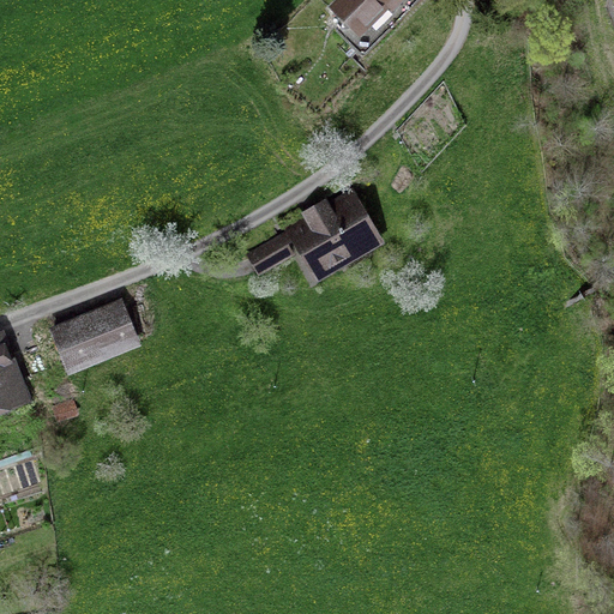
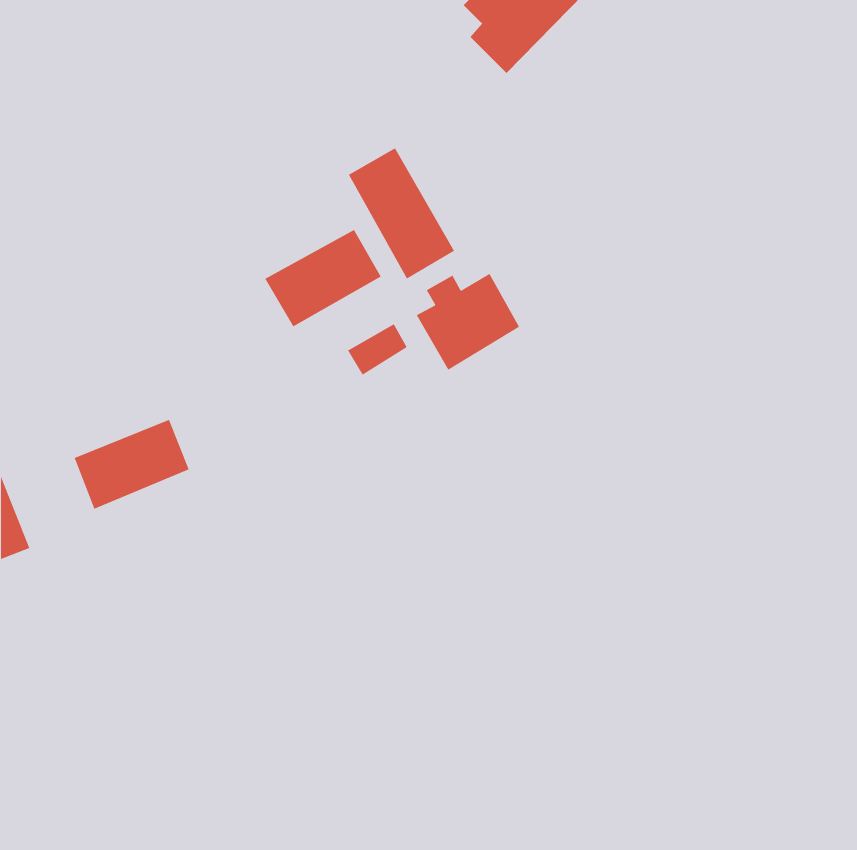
building: none -> [348,148,455,280]
building: none -> [265,229,381,327]

